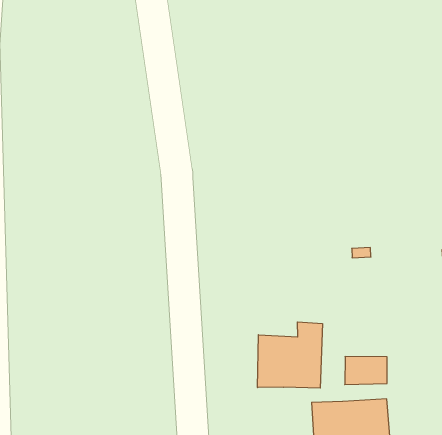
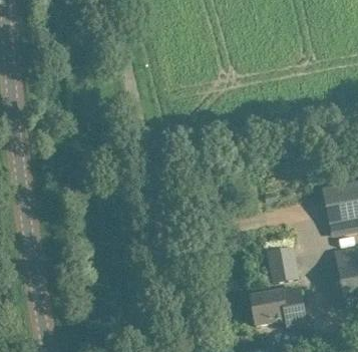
building: [258,322,322,388] -> none

